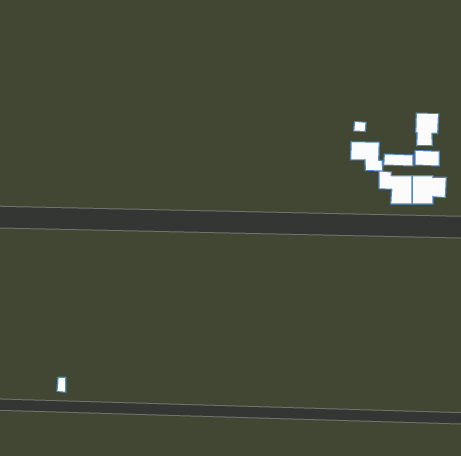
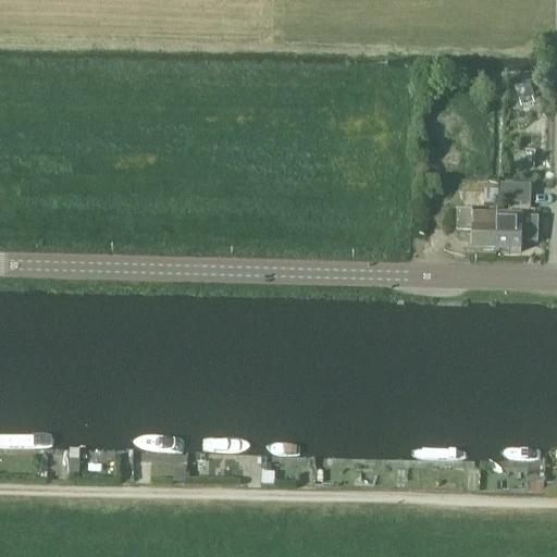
building: [416,113,438,146] -> none
building: [351,141,383,171] -> none

